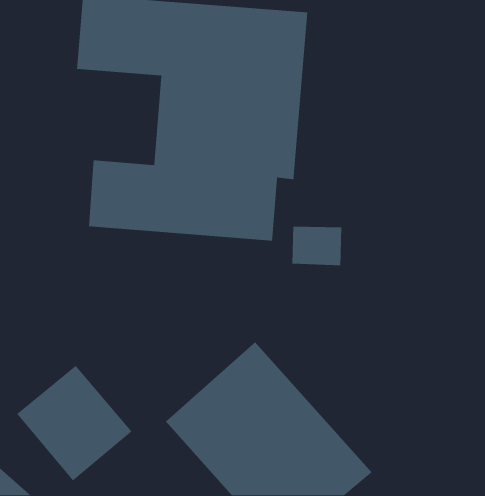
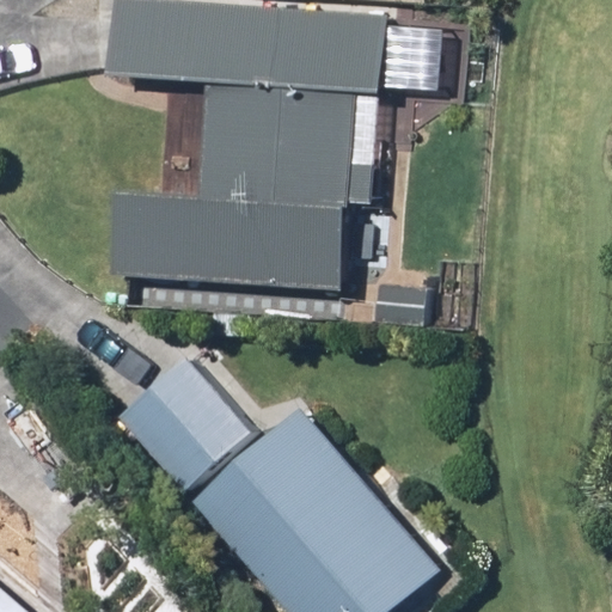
building: [16,365,132,481] -> [115,348,257,490]

